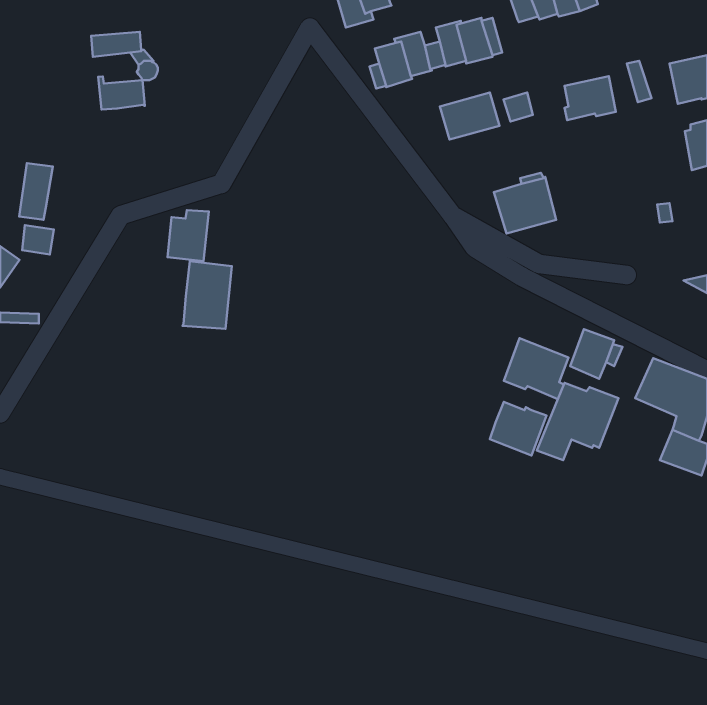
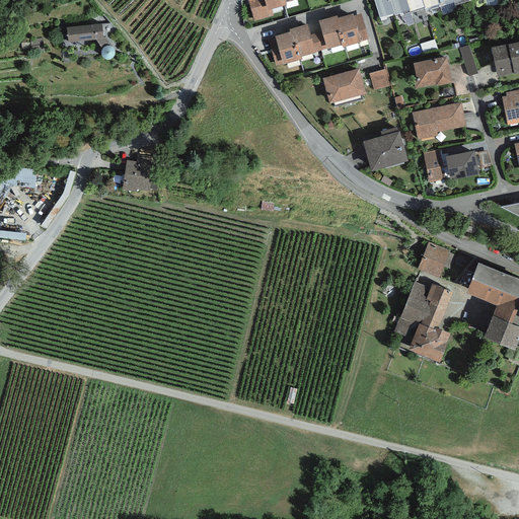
building: [98,77,145,109] -> none
building: none -> [412,101,466,139]
building: [19,163,53,220] -> none
building: none -> [423,148,478,181]
building: [182,261,232,329] -> none
building: [504,338,568,399] -> none
building: [490,402,547,456] -> [409,322,450,362]

